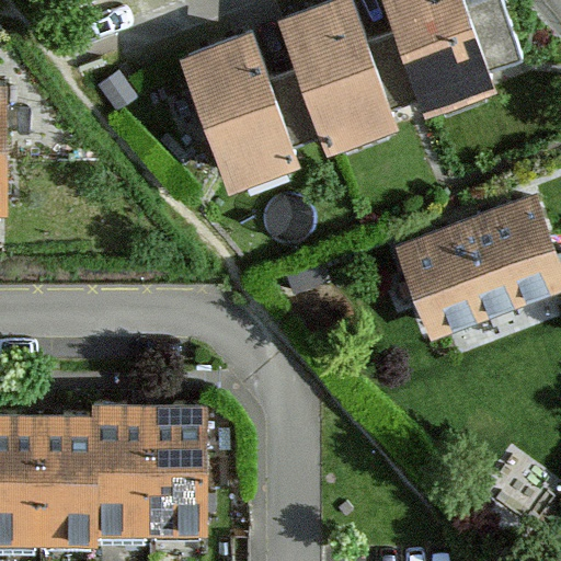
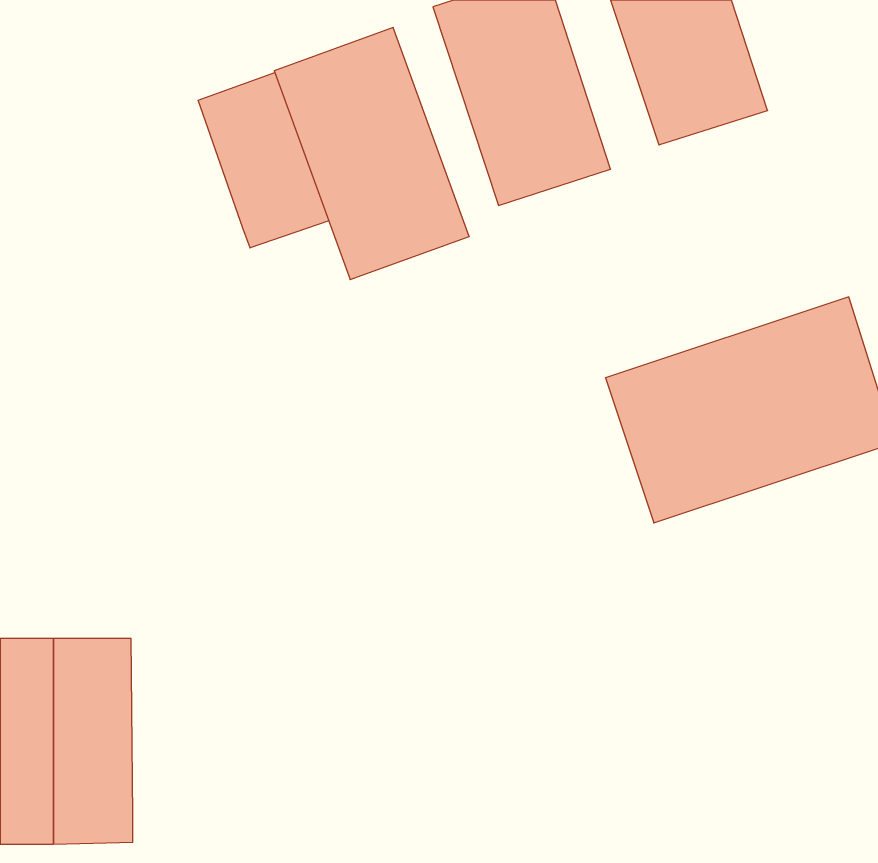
building: none -> [198,72,329,248]
building: [85,397,205,529] -> none

